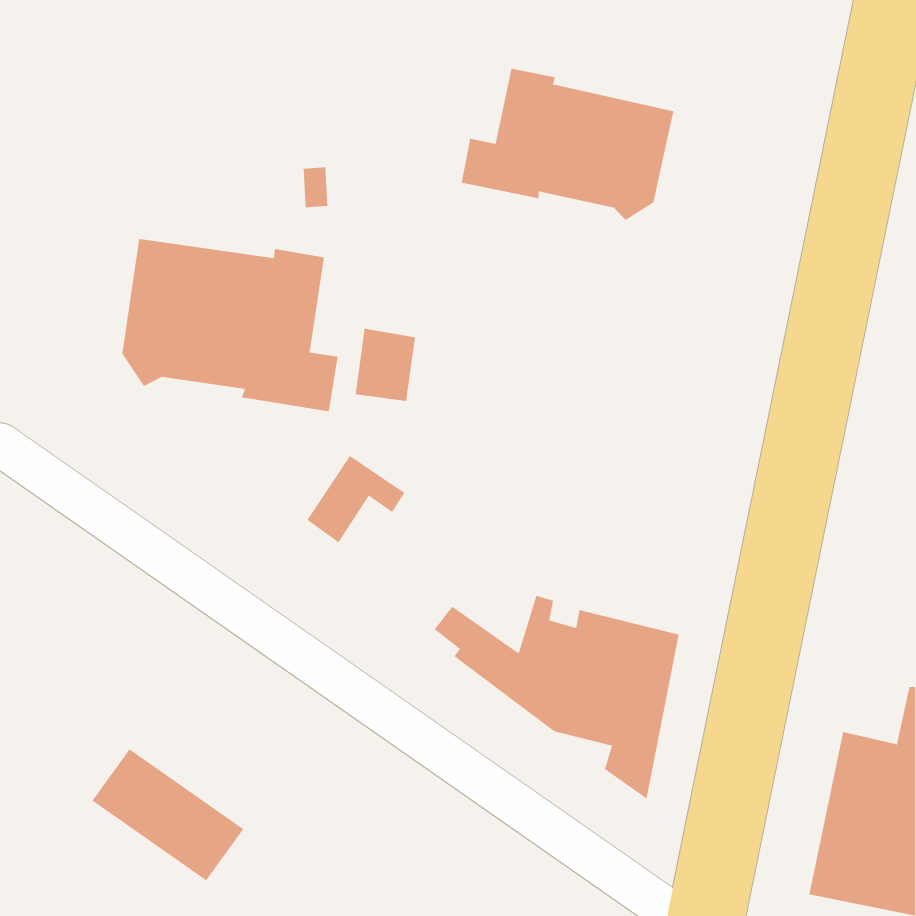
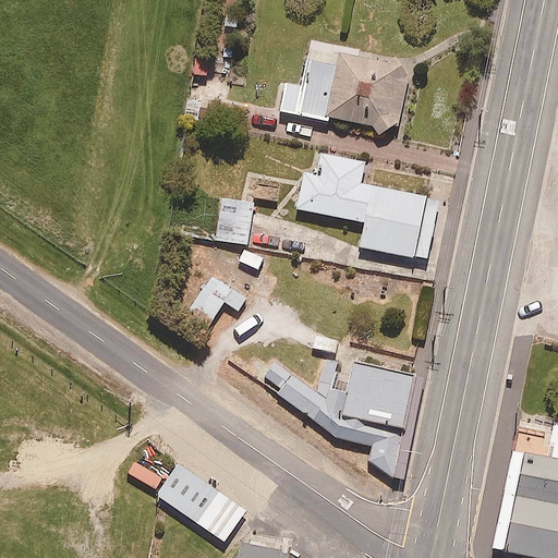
building: [122,238,338,412] -> none
building: none -> [298,155,439,260]
building: [92,748,244,881] -> [154,459,246,539]

